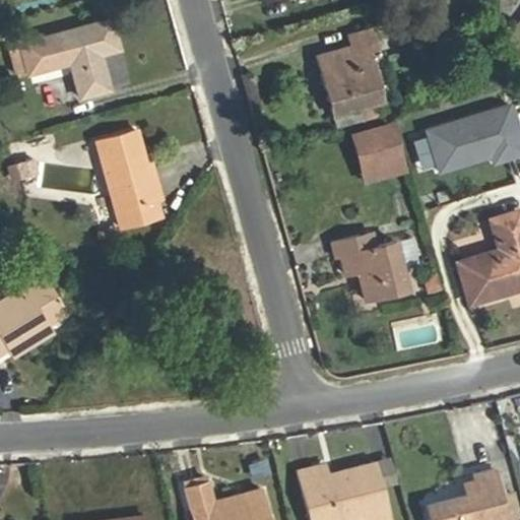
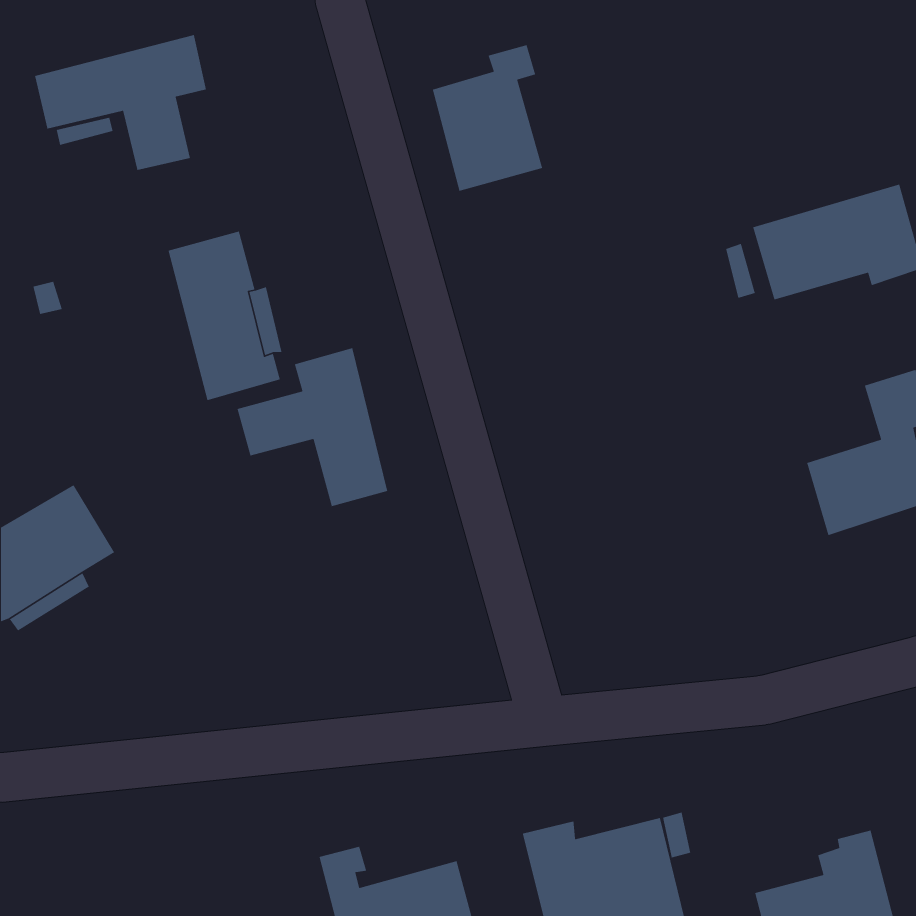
building: [318,31,381,115] -> [432,44,543,192]
building: [358,125,408,179] -> none
building: none -> [237,347,388,507]
building: [332,234,408,301] -> none

